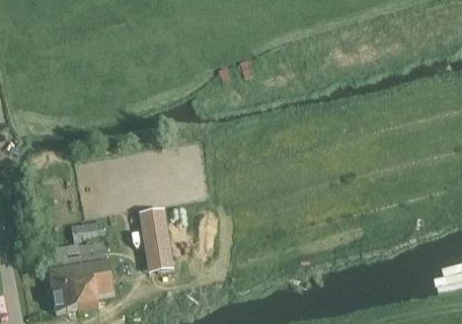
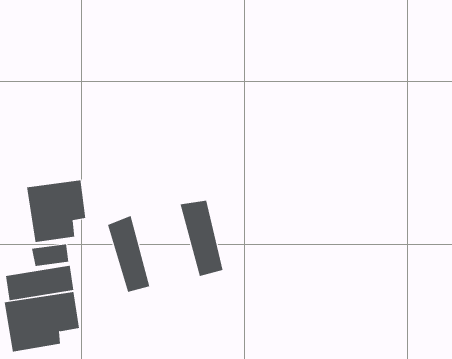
building: none -> [27,180,86,243]
building: none -> [180,200,223,277]

